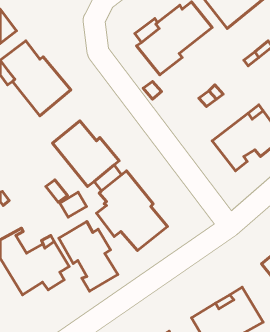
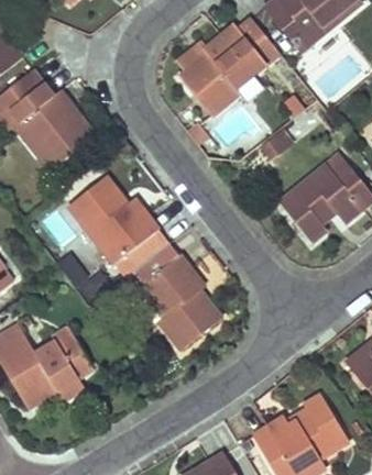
building: [59,221,118,291] -> none

